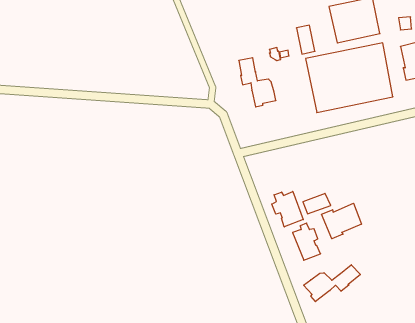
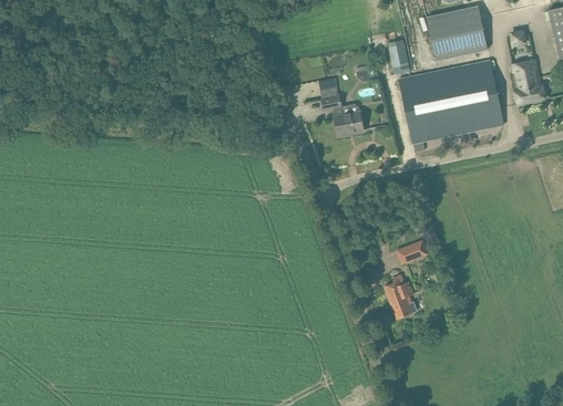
building: [272,191,303,227] -> none
building: [321,203,361,239] -> none
building: [304,265,360,302] -> none

